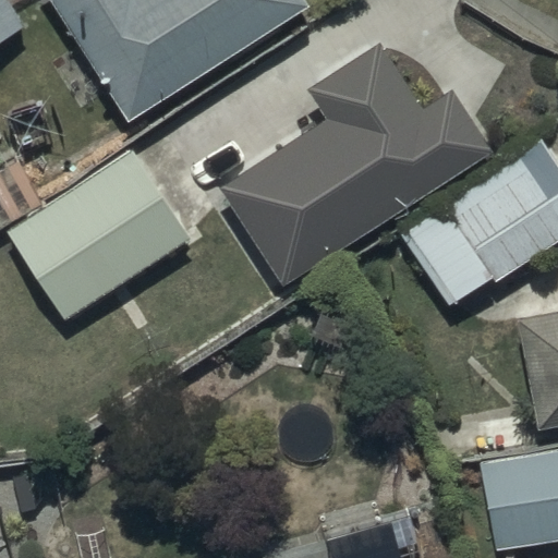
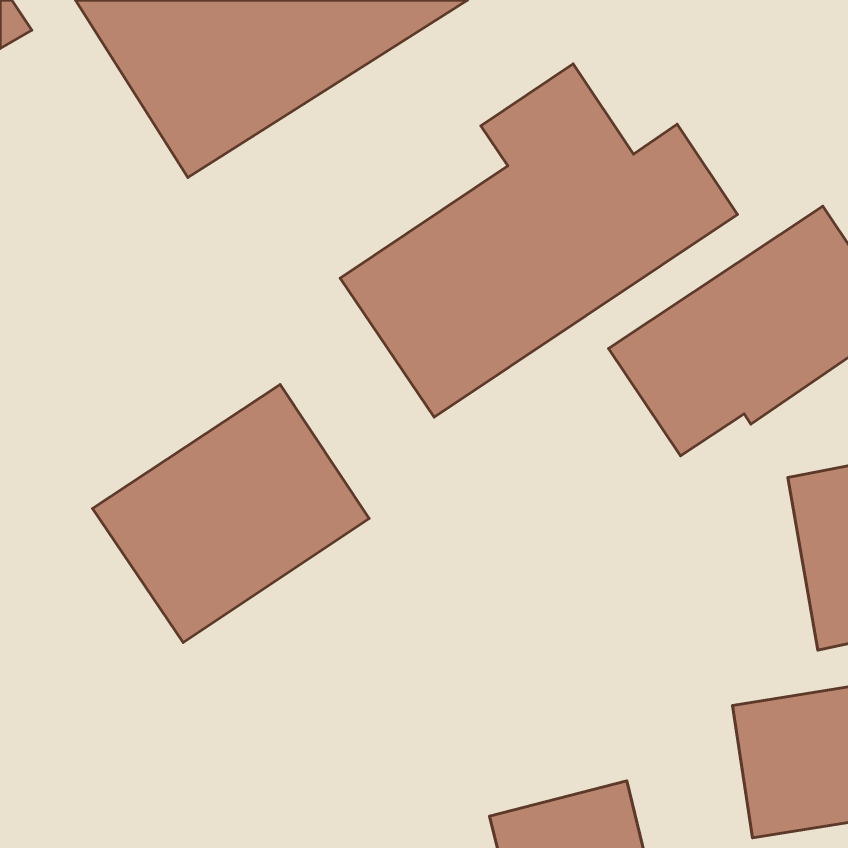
building: [11,153,191,320] -> [93,384,369,642]

